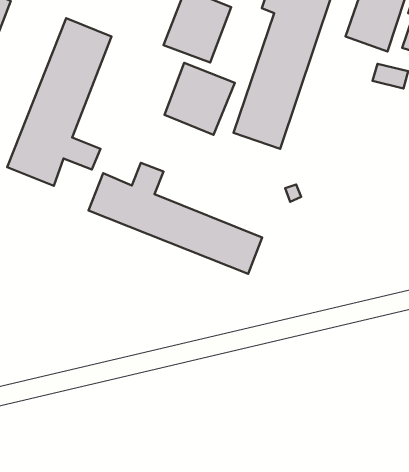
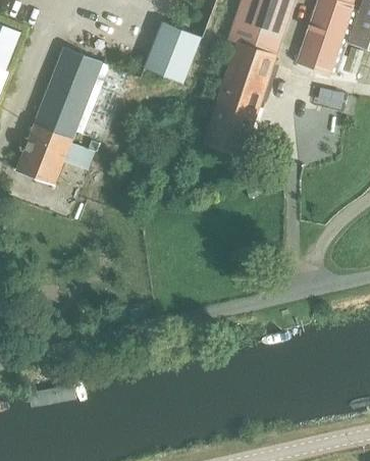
building: [164,63,235,135] -> none
building: [88,163,262,274] -> none

